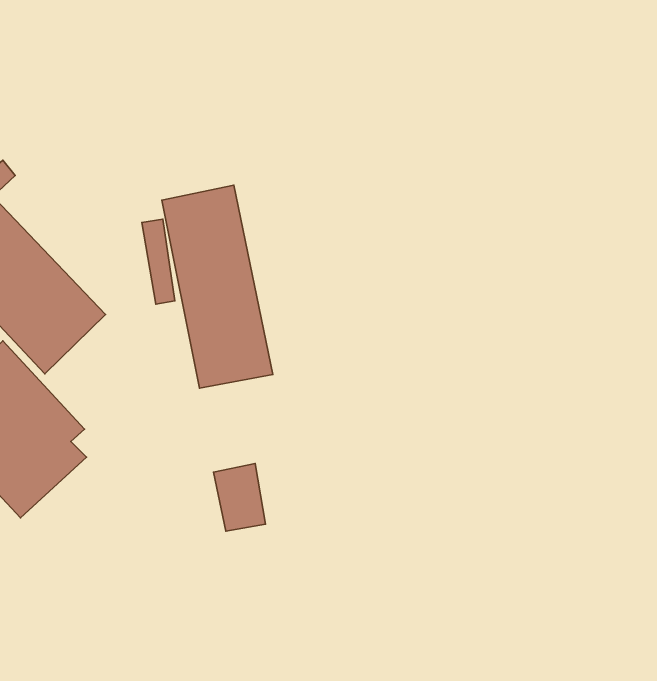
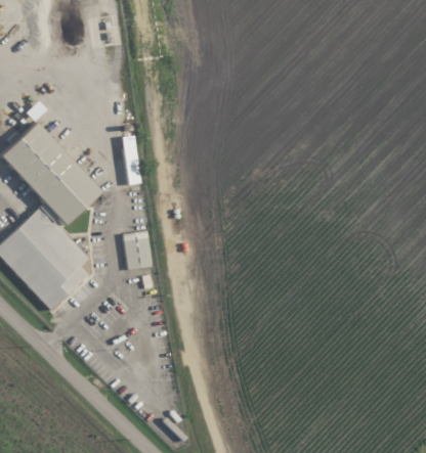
building: [162,185,273,388] -> none
building: [214,463,266,531] -> [123,230,154,270]

